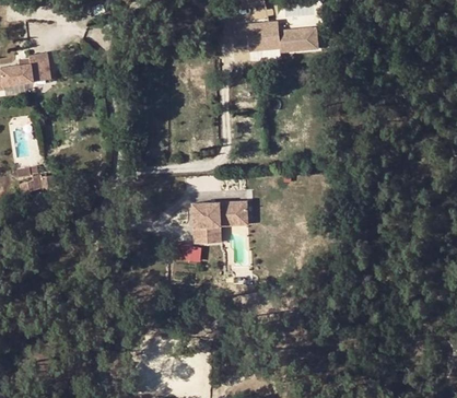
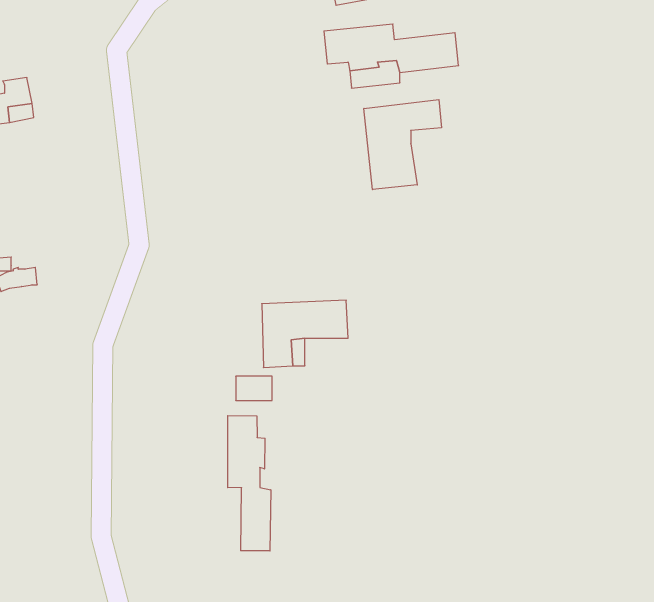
building: none -> [364,100,441,190]
building: none -> [228,416,271,551]

